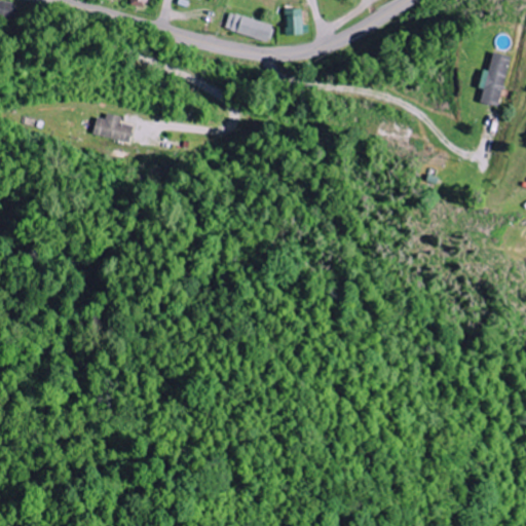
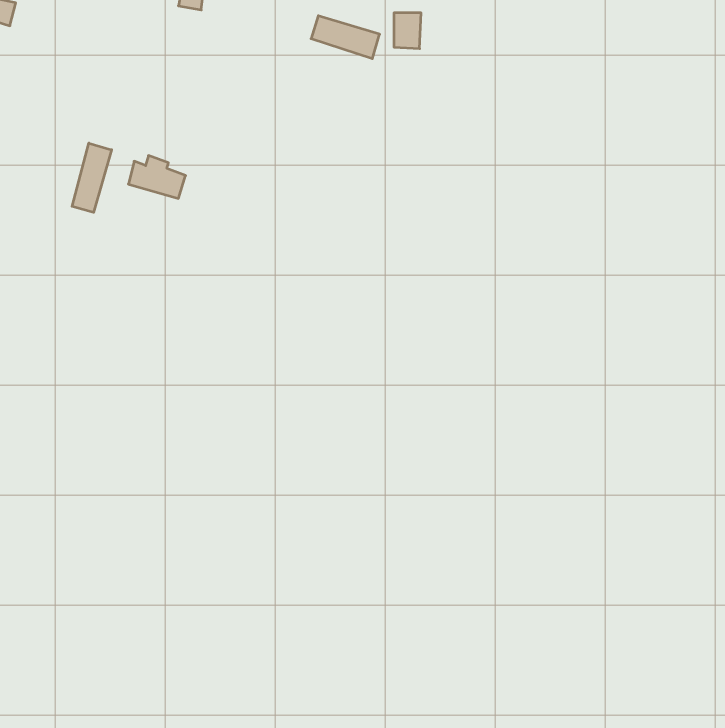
building: [479,51,511,106] -> none
building: none -> [72,143,112,212]

